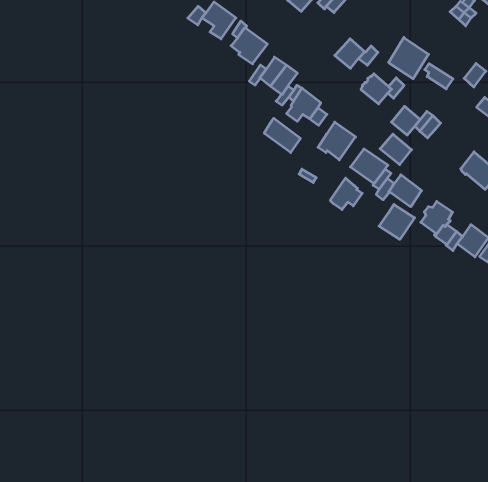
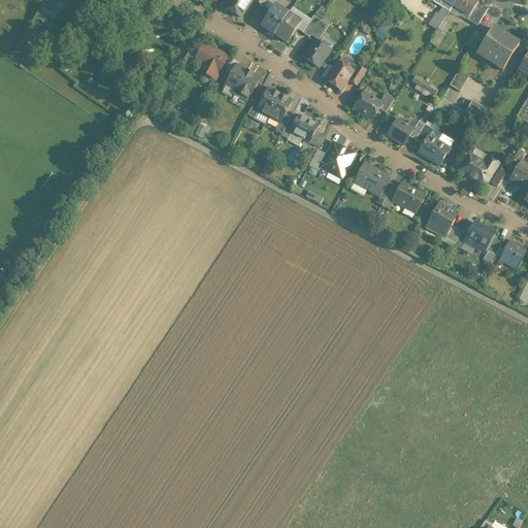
building: none -> [303,38,330,66]
building: [389,37,429,79] -> none
building: [264,118,300,153] -> none
building: [380,134,412,165] -> [419,135,449,163]
building: [330,178,362,210] -> none
building: [379,204,415,239] -> none

